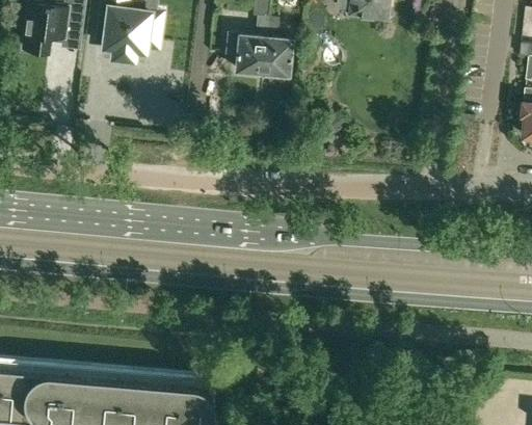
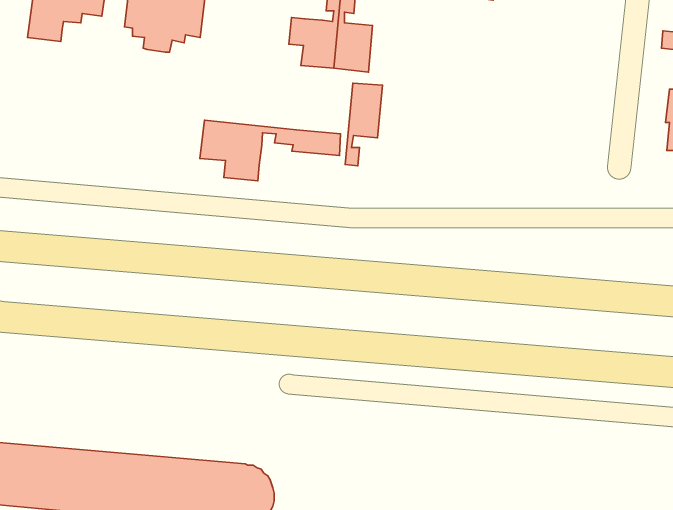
building: none -> [345,83,382,166]
building: none -> [200,120,341,181]

